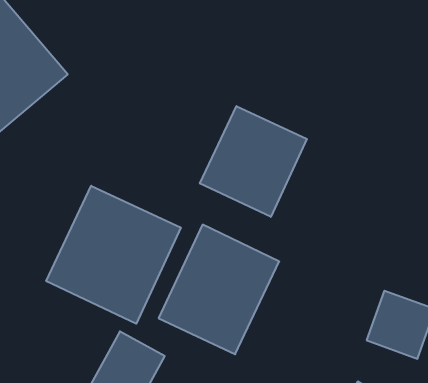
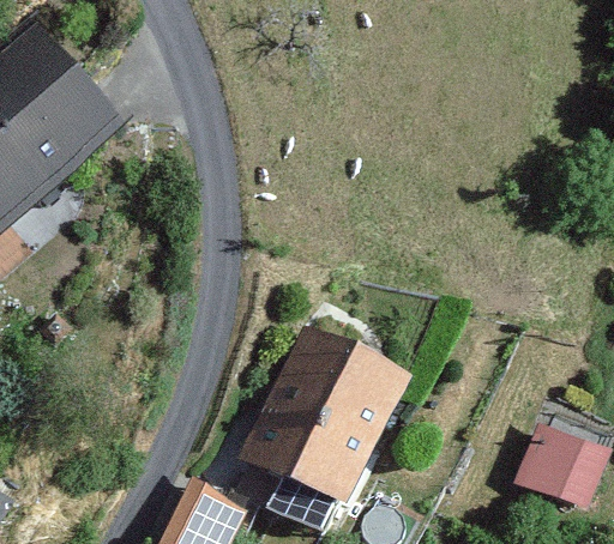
building: [200,106,307,217] -> none
building: [46,186,181,324] -> none

